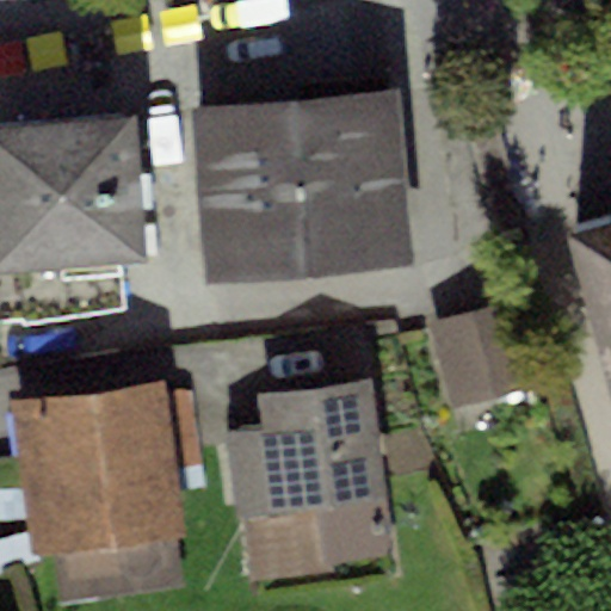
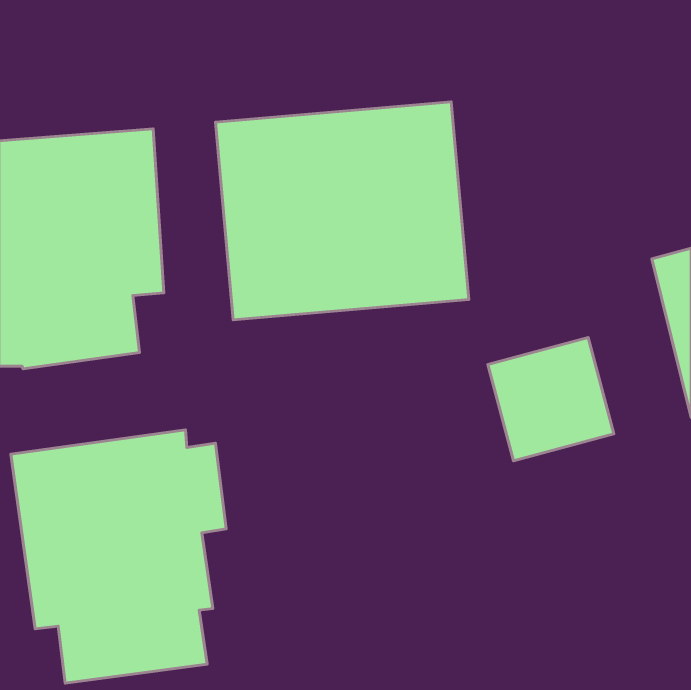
building: [229,381,395,582] -> none

